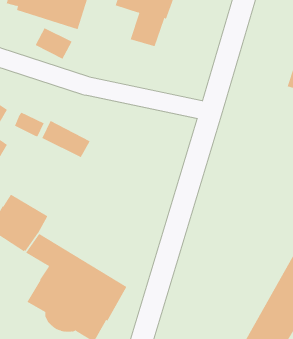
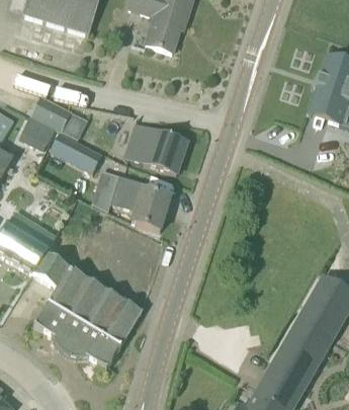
building: [35,27,72,59] -> [30,95,71,130]
building: none -> [124,127,187,173]
building: none -> [97,170,170,230]

